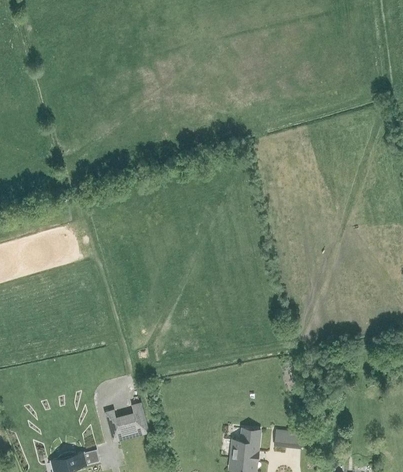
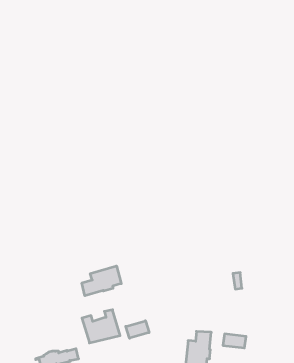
building: none -> [82,266,121,296]
building: none -> [126,321,149,338]

